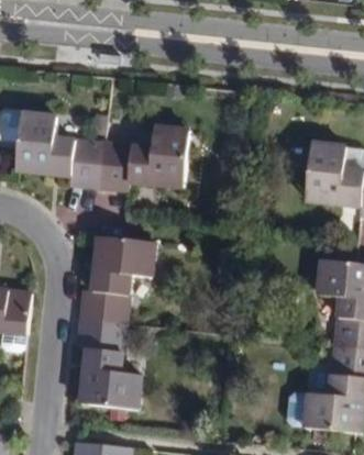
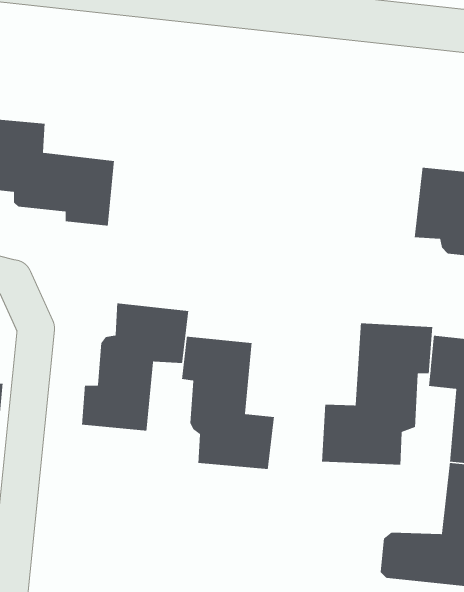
building: [100,127,189,190] -> none
building: none -> [321,323,433,466]
building: [78,322,142,413] -> [181,336,275,470]

